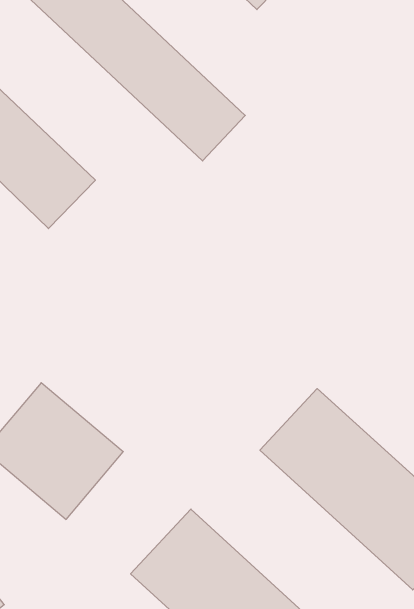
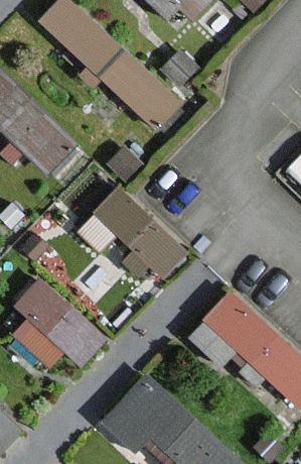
building: none -> [83,181,189,288]

